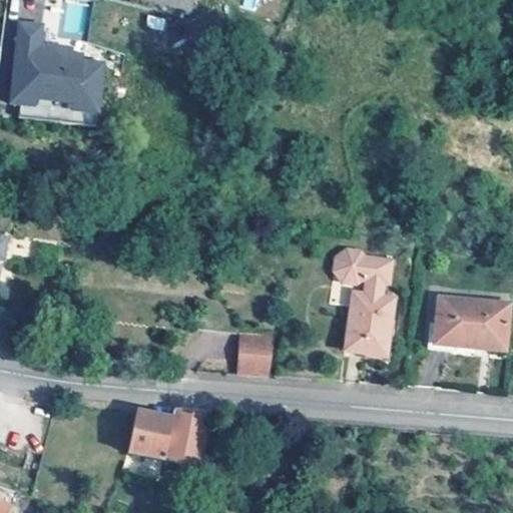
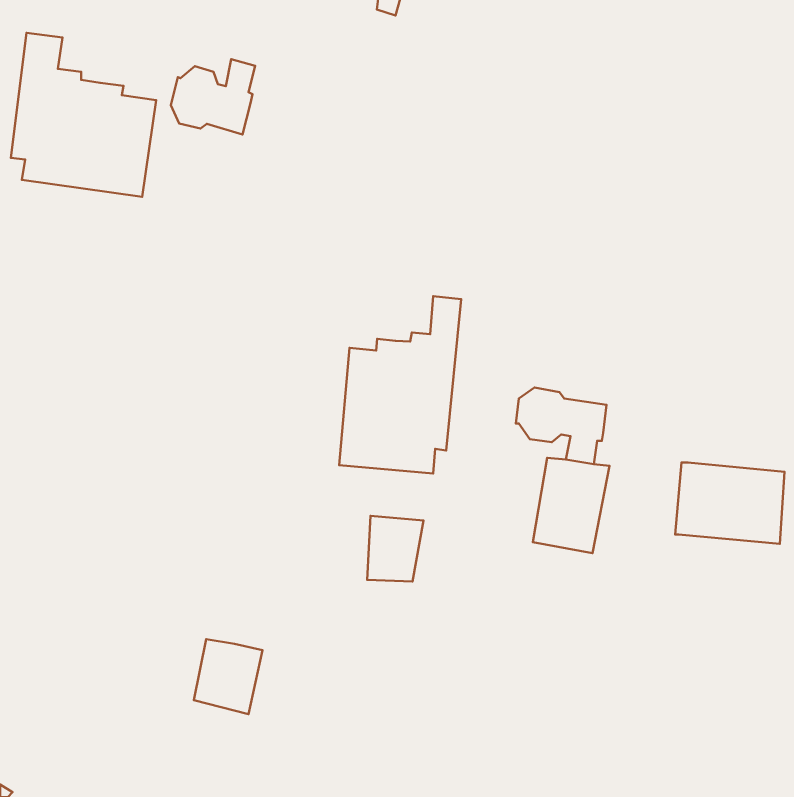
building: none -> [171,59,255,135]
building: none -> [339,296,461,474]
building: [162,409,209,467] -> none

